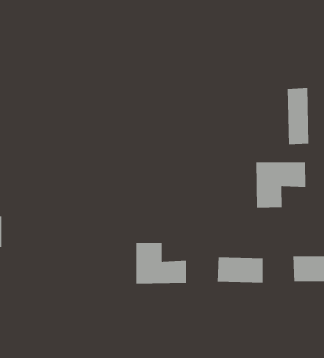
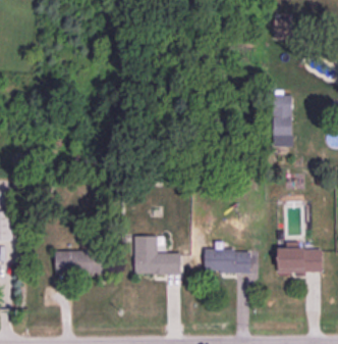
building: [255,162,306,208] -> none
building: none -> [55,250,106,274]

